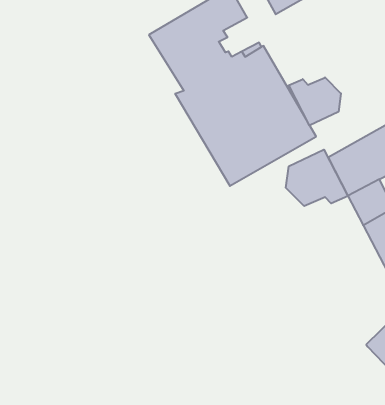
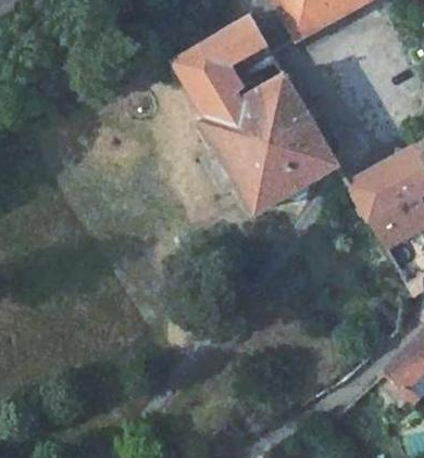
building: [289,77,341,126] -> none
building: [286,150,348,206] -> none

